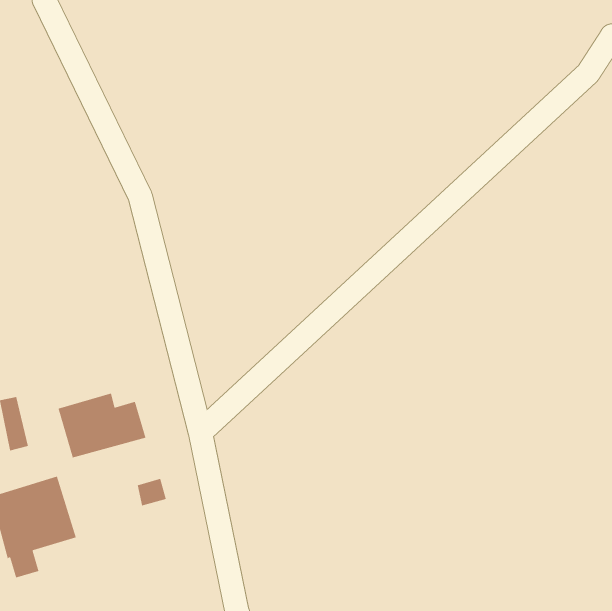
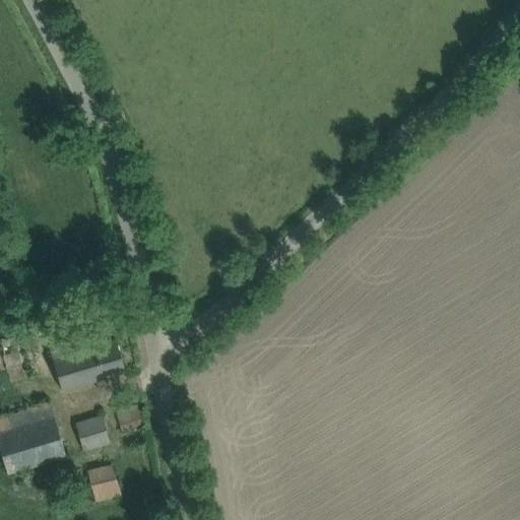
building: none -> [74,416,109,451]
building: none -> [87,466,120,502]

